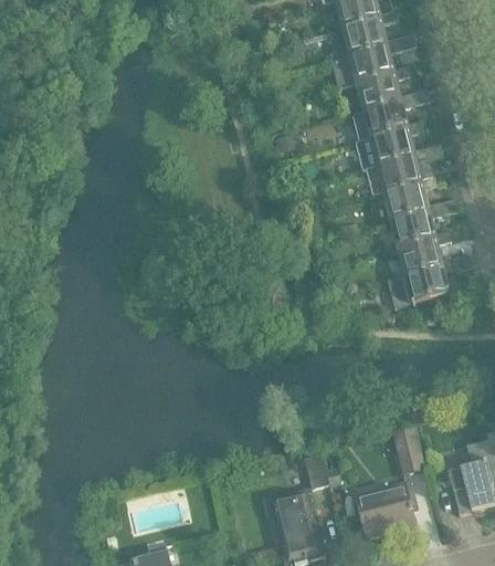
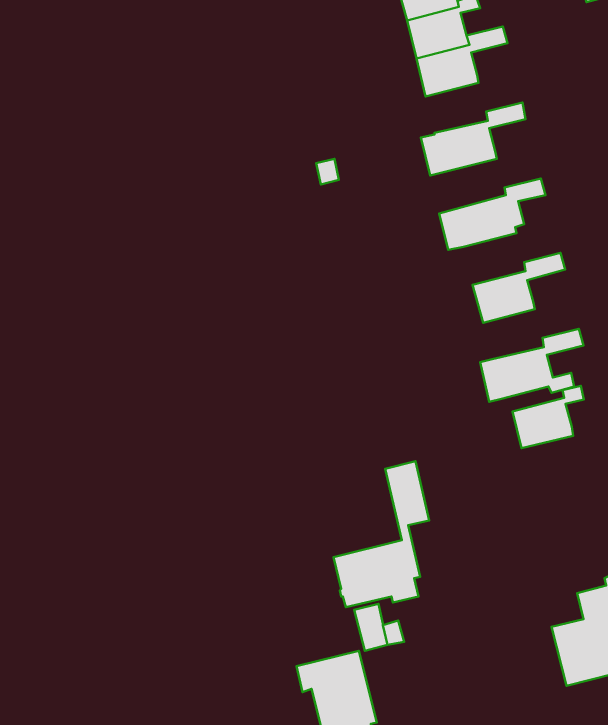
building: [357,64,410,109] -> none
building: [356,119,424,169] -> none
building: [385,174,438,220] -> none
building: [399,229,451,274] -> [512,386,584,448]
building: [356,424,425,531] -> [334,461,429,607]

